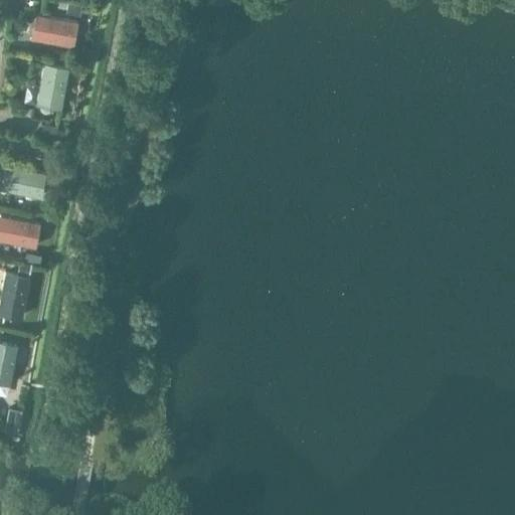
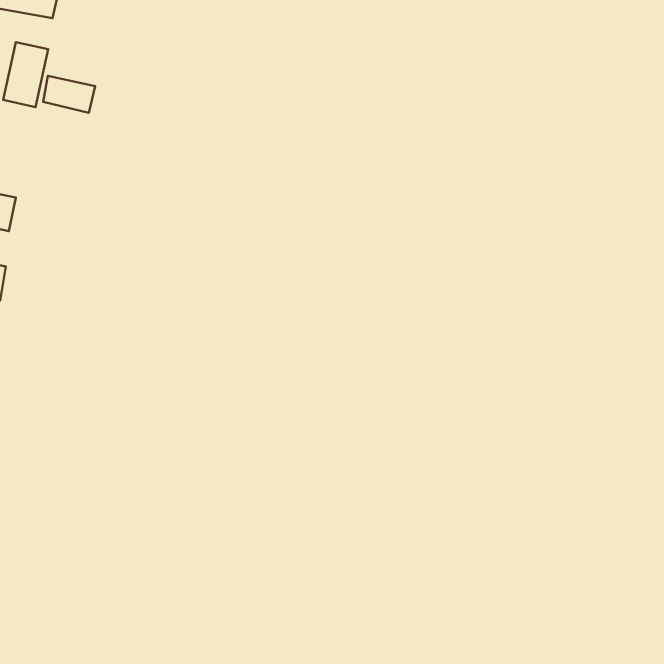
building: none -> [43,76,95,113]

